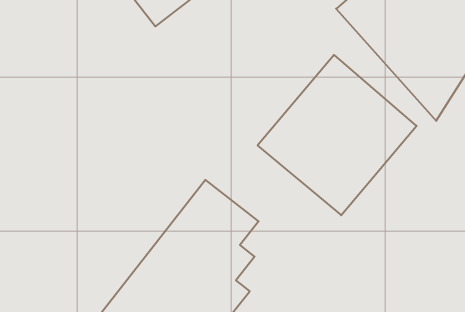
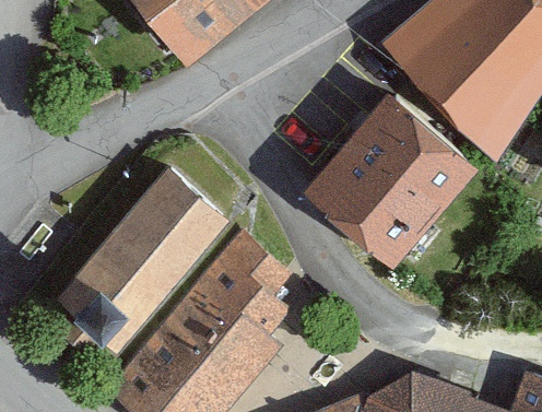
building: none -> [55,169,227,351]

